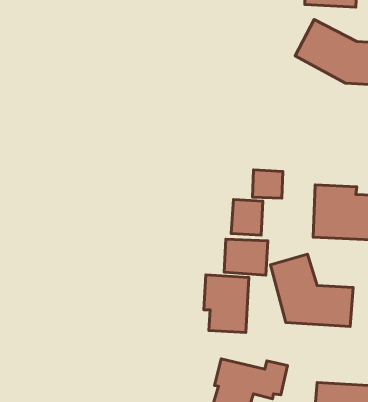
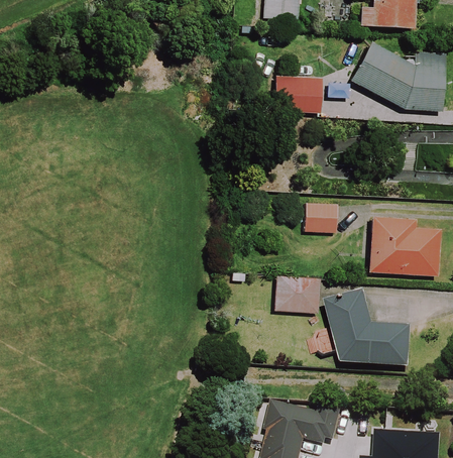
building: none -> [274,75,322,110]
building: [231,200,263,235] -> none
building: [204,275,249,333] -> none

